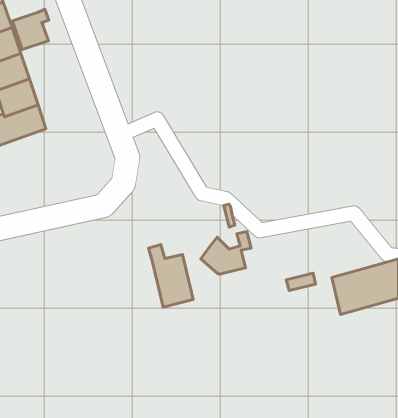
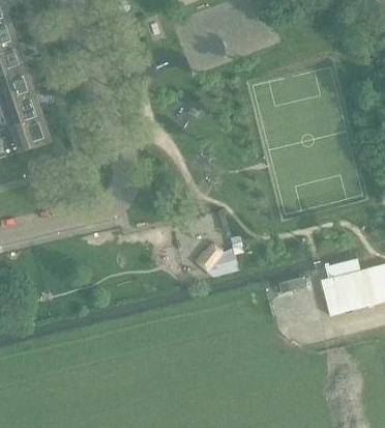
building: [12,9,49,50] -> none
building: [149,244,193,307] -> none

